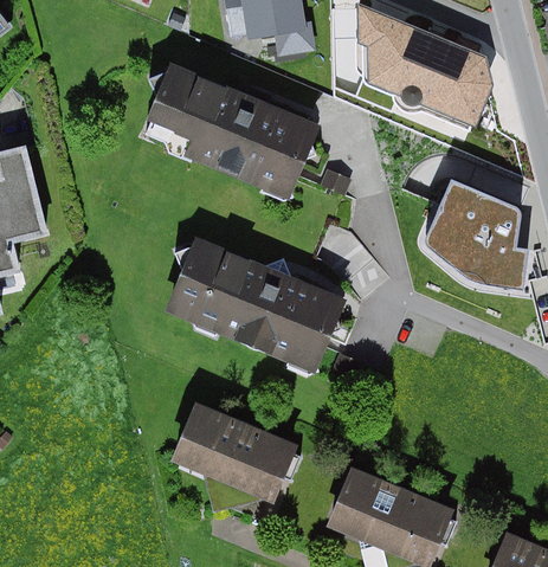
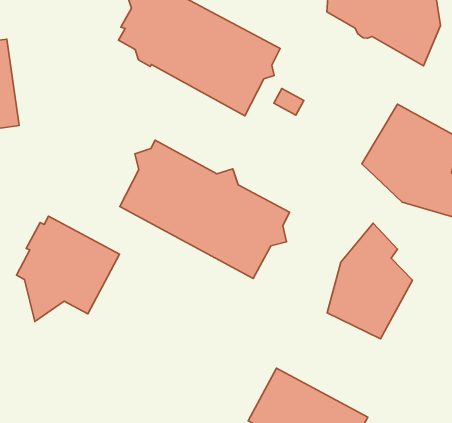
building: none -> [327,223,413,339]
building: none -> [17,216,120,322]
building: [170,401,301,511] -> none

